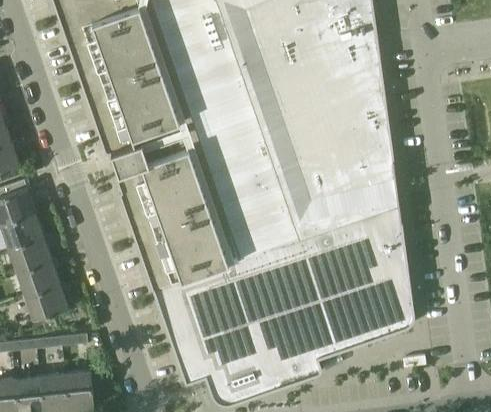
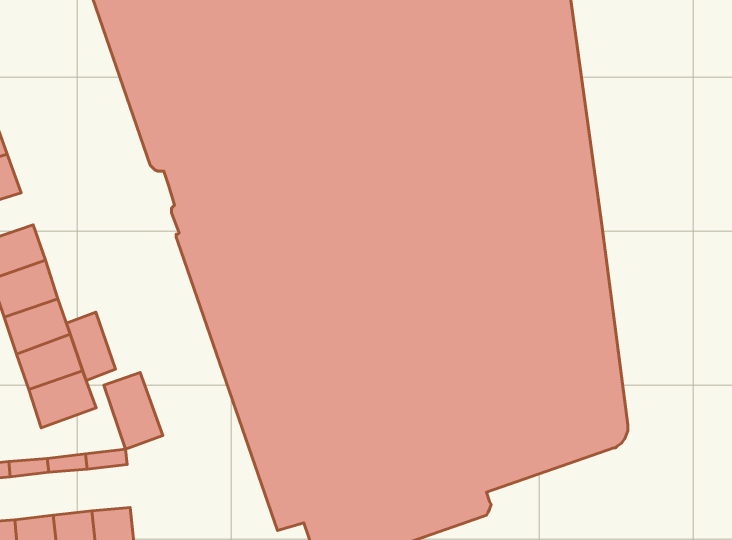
building: none -> [66,312,115,381]
building: none -> [104,372,163,449]

